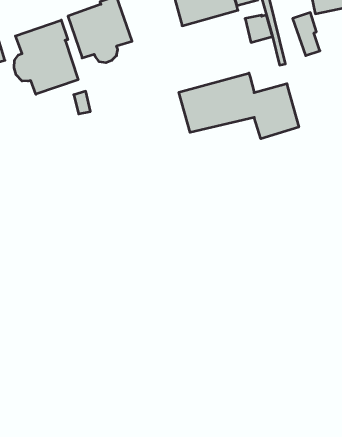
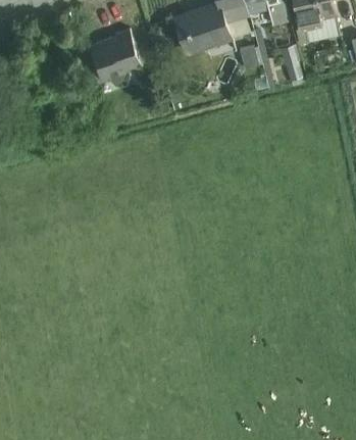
building: [14,20,78,94] -> none
building: [179,73,299,139] -> none

